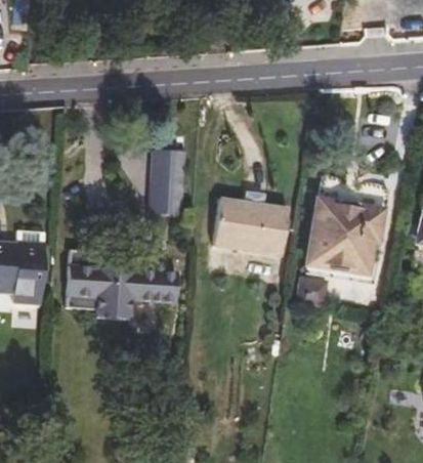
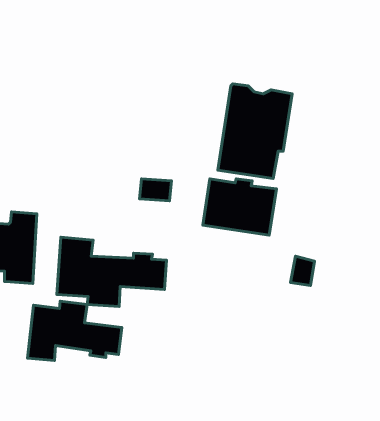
building: [152,157,184,199] -> none
building: [309,175,385,271] -> [218,84,292,178]
building: none -> [27,301,122,361]

